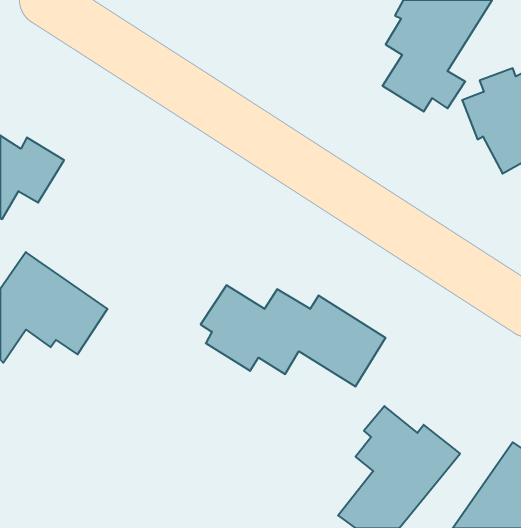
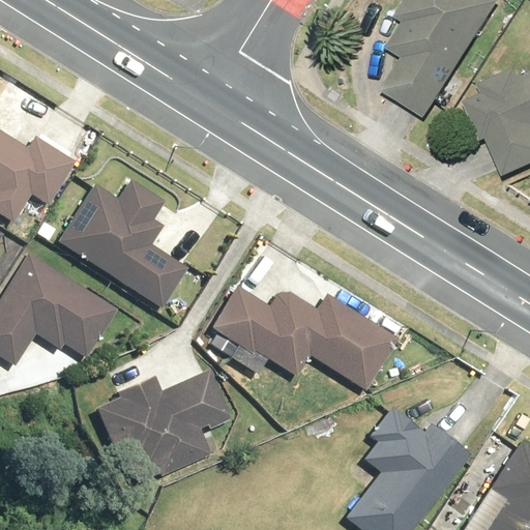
building: none -> [58,182,186,304]
building: none -> [93,371,228,481]

